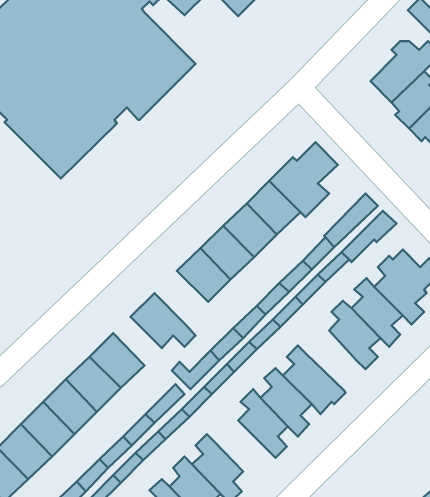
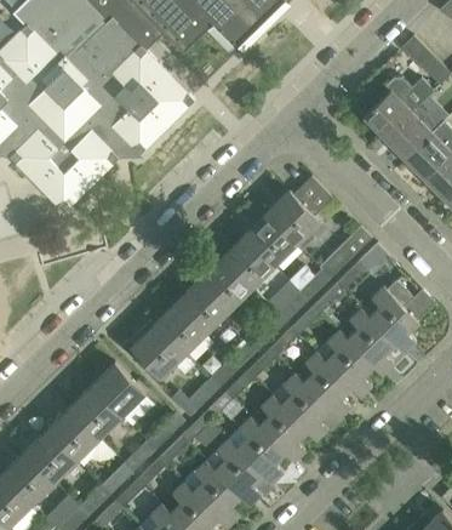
building: none -> [155,301,207,353]
building: none -> [302,352,351,417]
building: none -> [213,438,275,505]

